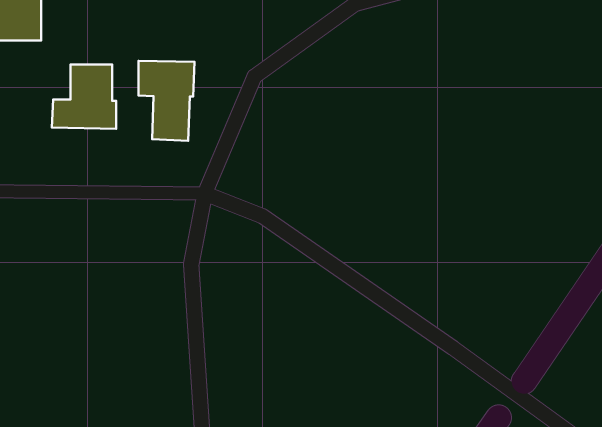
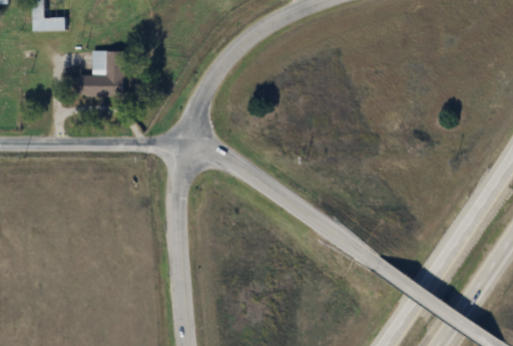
building: [139,61,194,141] -> none

